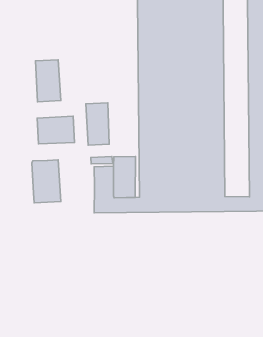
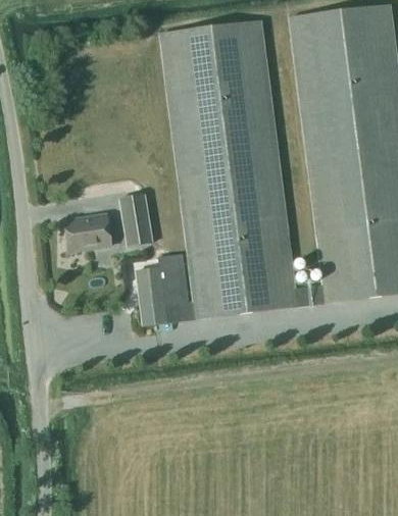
building: [36,60,61,102] -> none
building: [32,160,61,203] -> none

